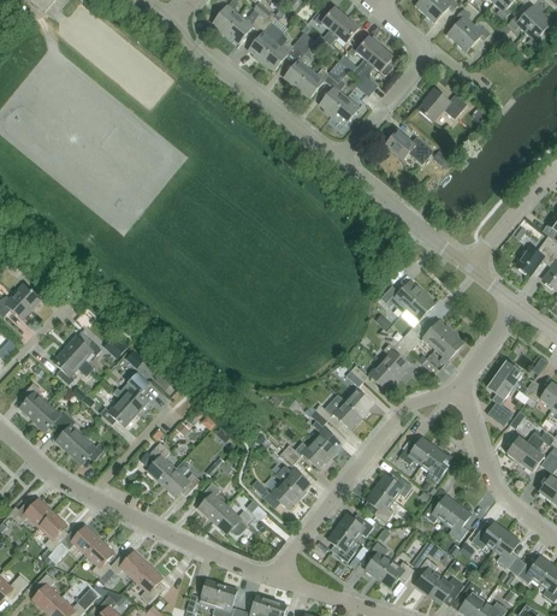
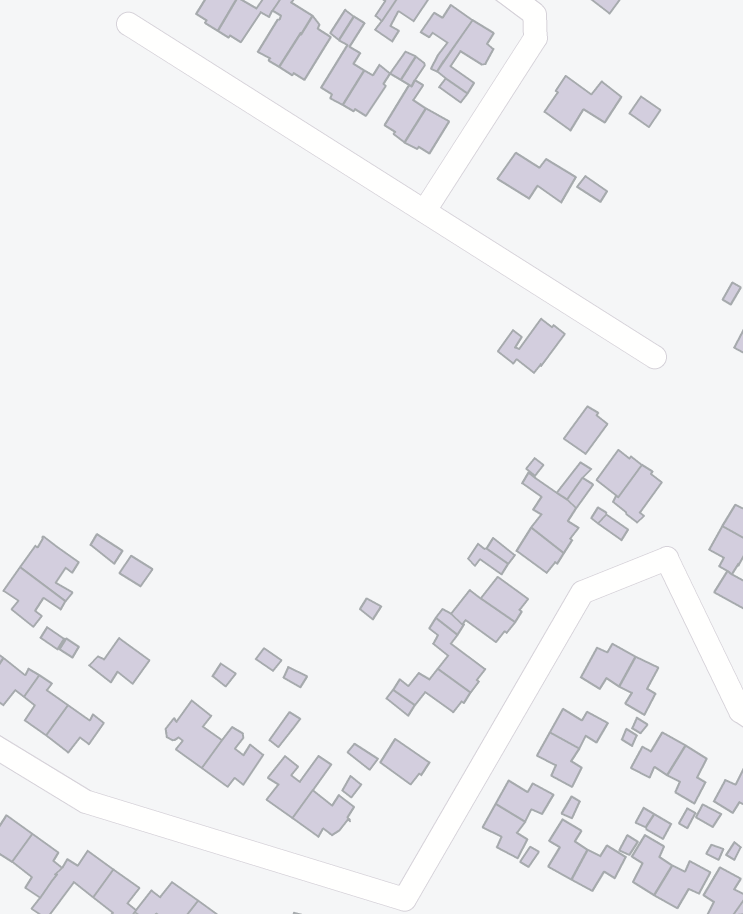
building: [381,280,423,313] -> [498,319,565,373]
building: [113,373,149,414] -> none
building: [275,466,310,497] -> none

